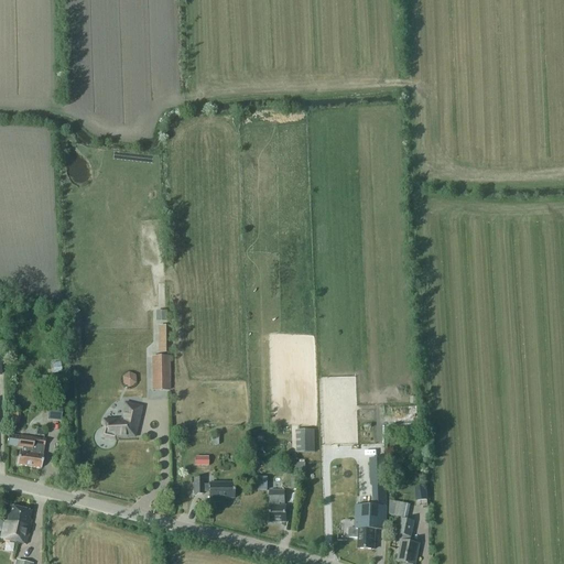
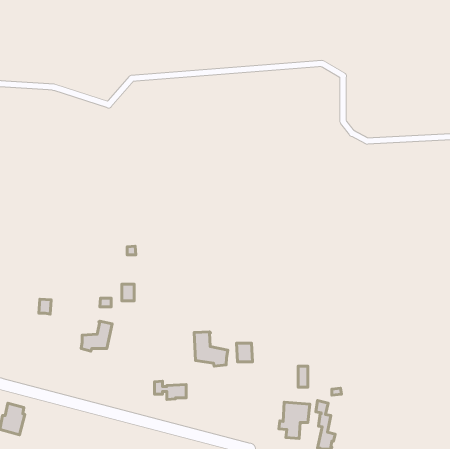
building: none -> [194,332,228,366]
building: [18,434,45,466] -> none
building: [269,488,285,520] -> none

